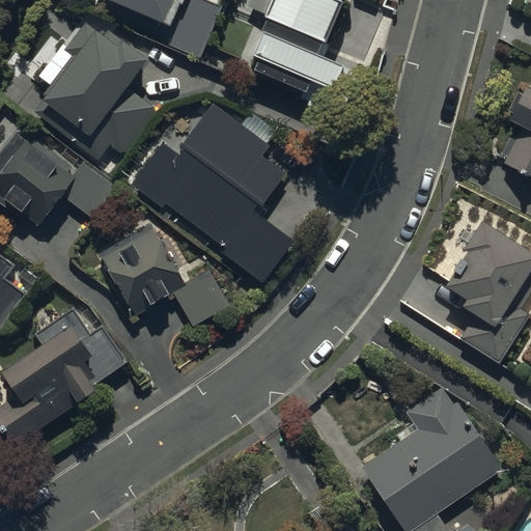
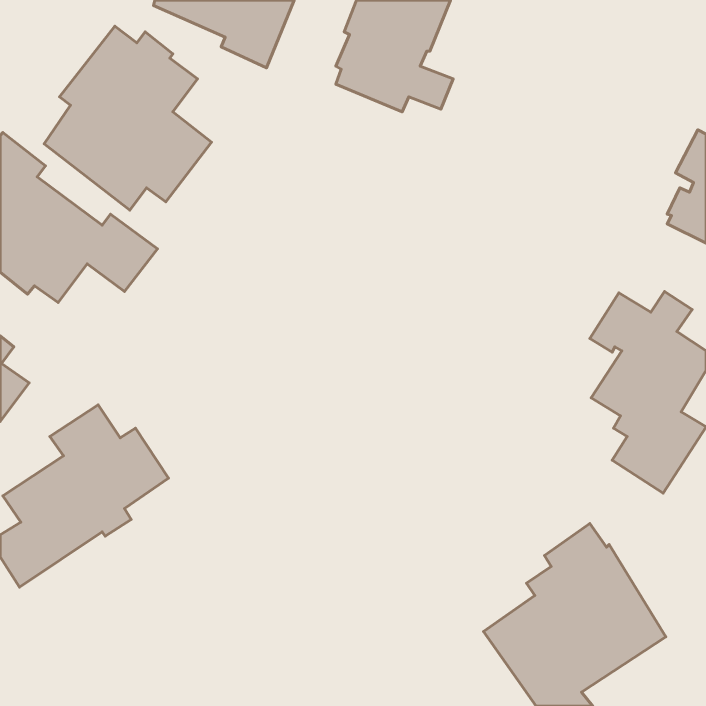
building: [132,102,296,280] -> none
building: [95,226,231,330] -> none

